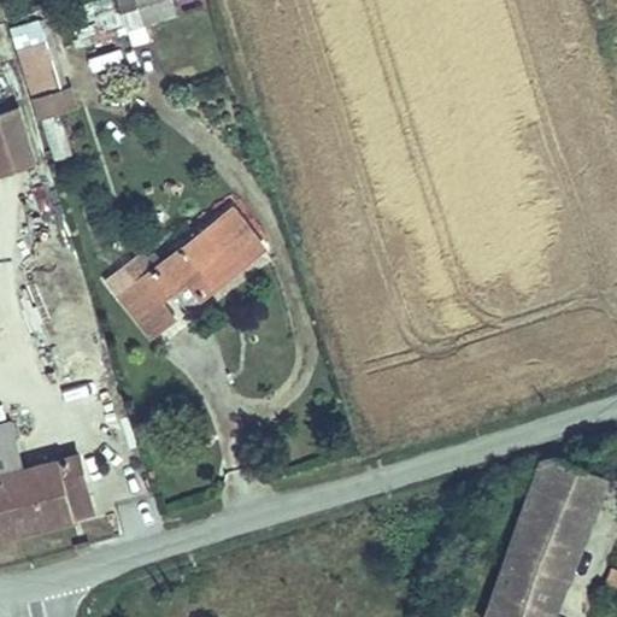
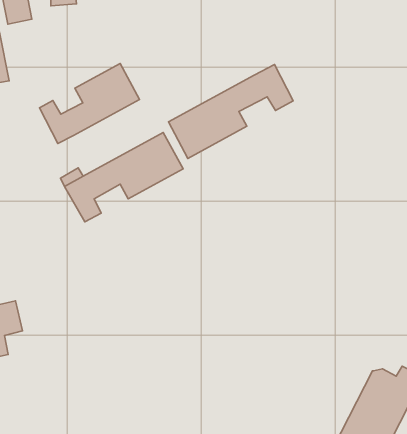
building: none -> [168,64,293,158]
building: none -> [39,64,139,144]

